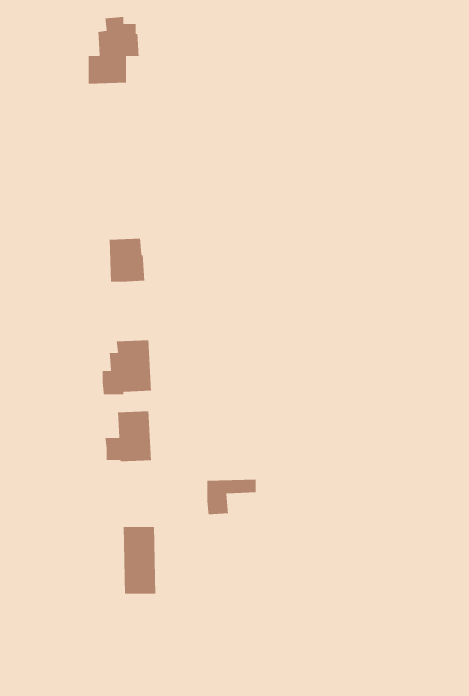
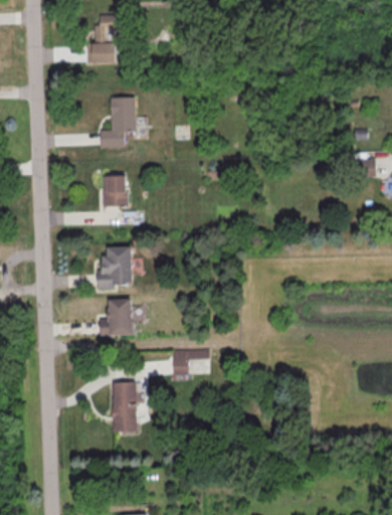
building: none -> [100,98,136,148]

